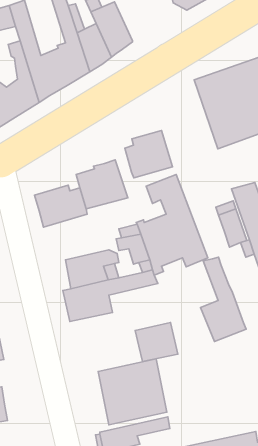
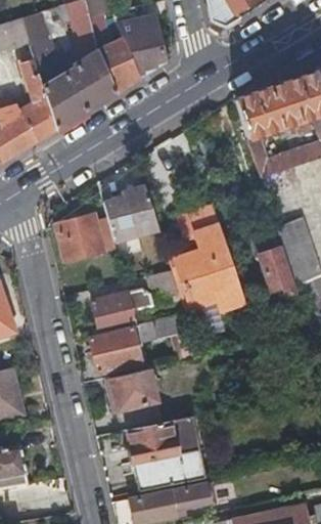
building: [125,130,172,178] -> none
building: [201,257,246,341] -> none
building: [135,322,178,362] -> [106,367,154,411]

